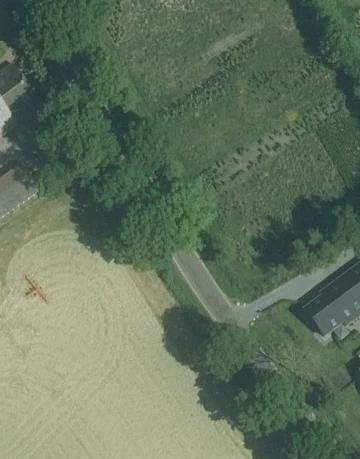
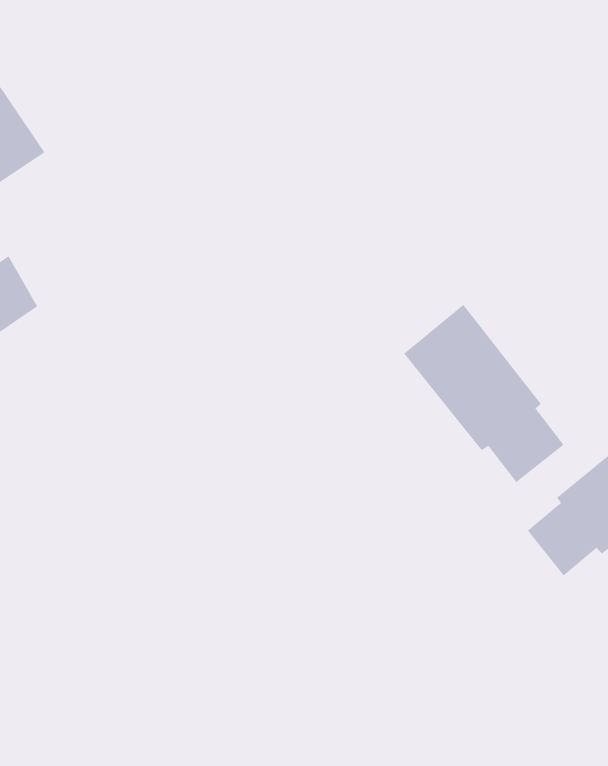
building: none -> [403,304,564,483]

